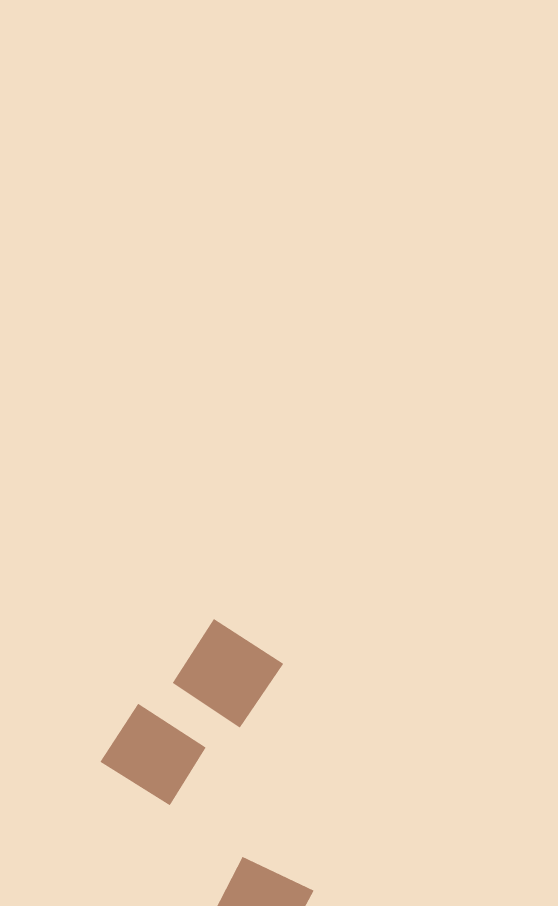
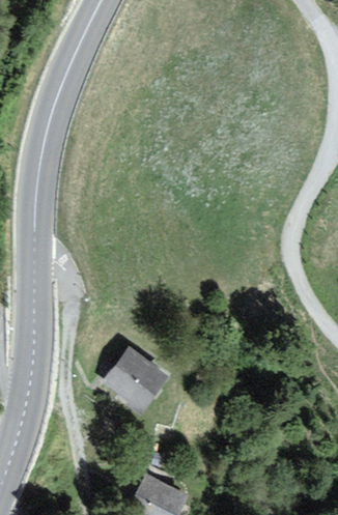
building: [100,703,207,806] -> none

